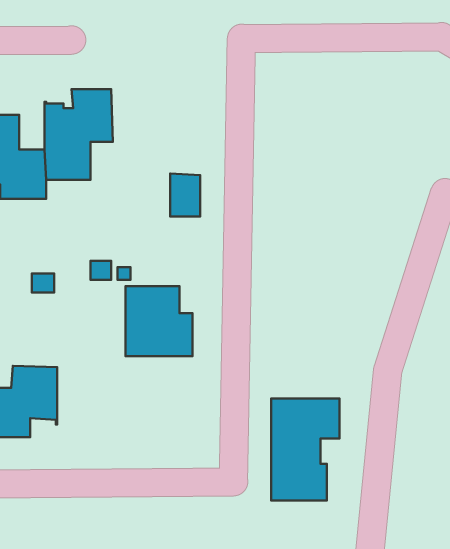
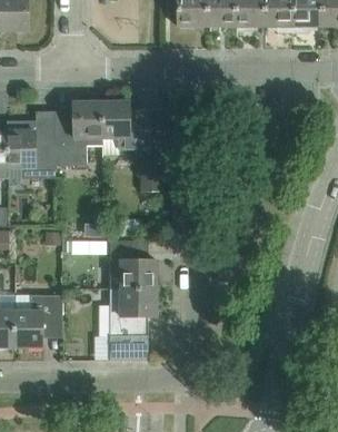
building: none -> [100,101,150,148]
building: [271,399,340,500] -> [109,288,157,360]

